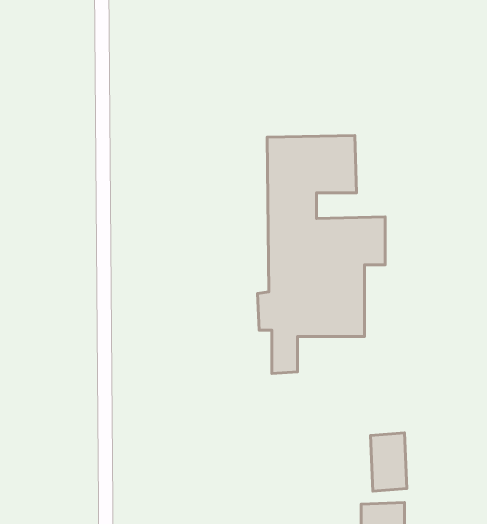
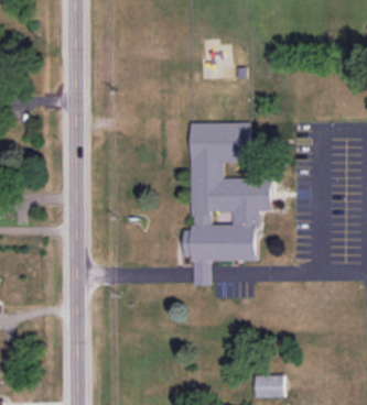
building: [371,433,407,491] -> none

